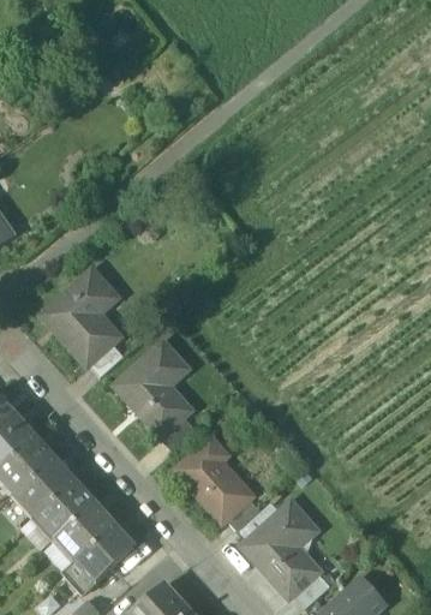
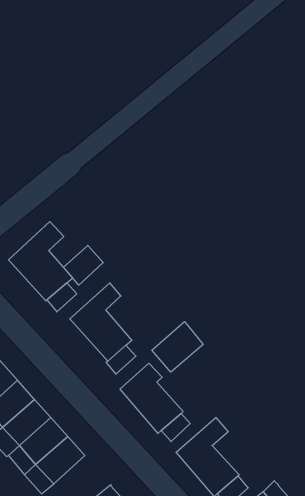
building: none -> [64,245,103,285]
building: none -> [152,322,203,372]

